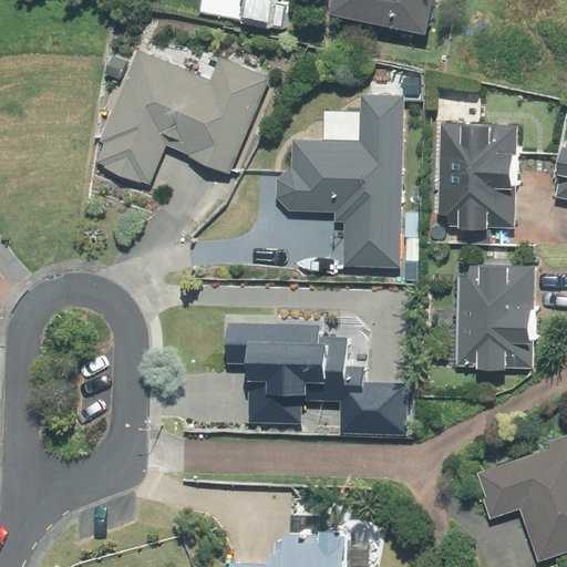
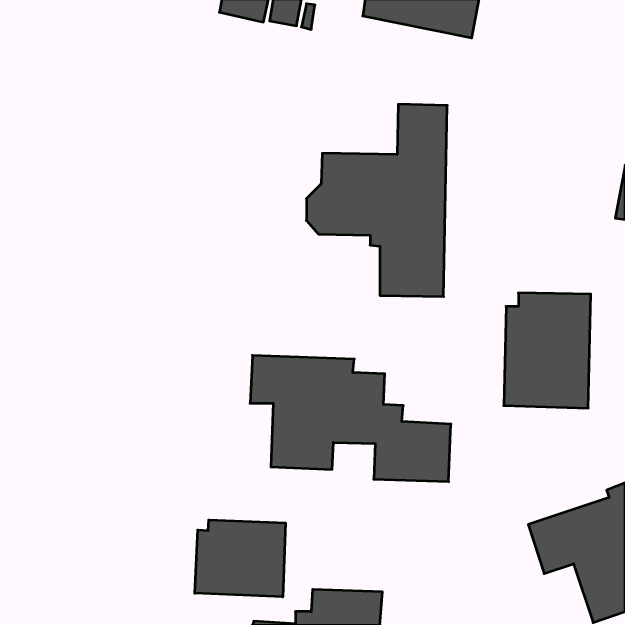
building: [92,50,270,185] -> none
building: [437,123,516,228] -> none
building: none -> [195,520,285,597]

